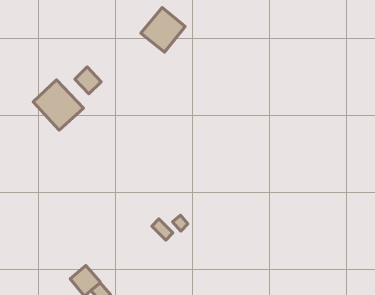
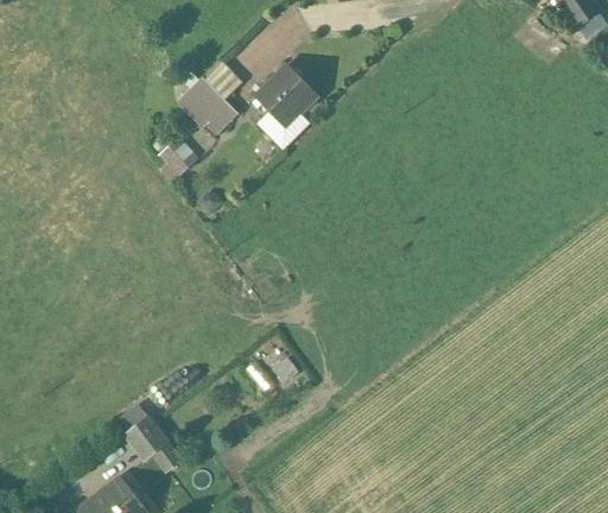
building: none -> [178,76,239,134]
building: [33,80,83,130] -> none

